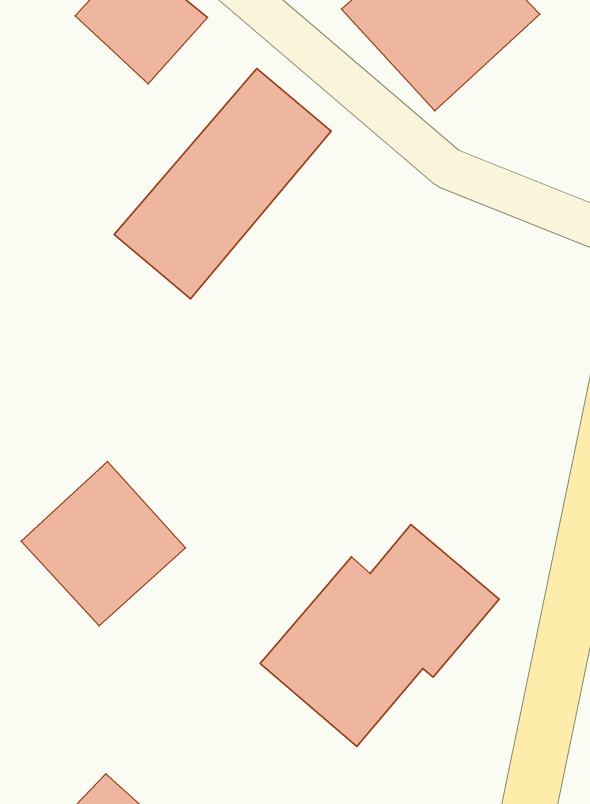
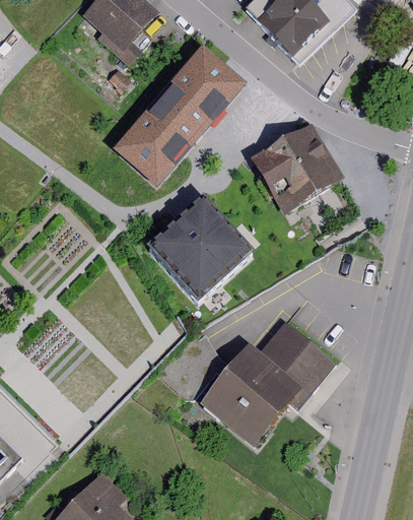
building: none -> [245,128,345,215]
building: [21,461,186,626] -> [147,204,246,303]

